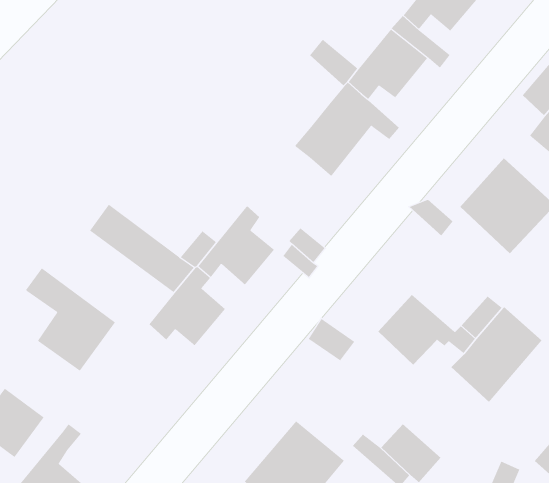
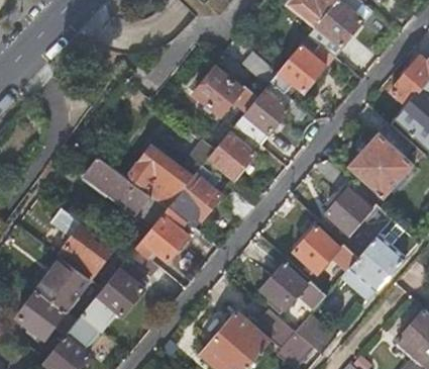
building: none -> [194,68,257,114]
building: none -> [208,125,254,180]
building: none -> [130,148,170,190]
building: none -> [323,188,390,236]
building: none -> [81,247,154,331]
building: none -> [40,259,89,307]
building: none -> [258,263,324,310]

